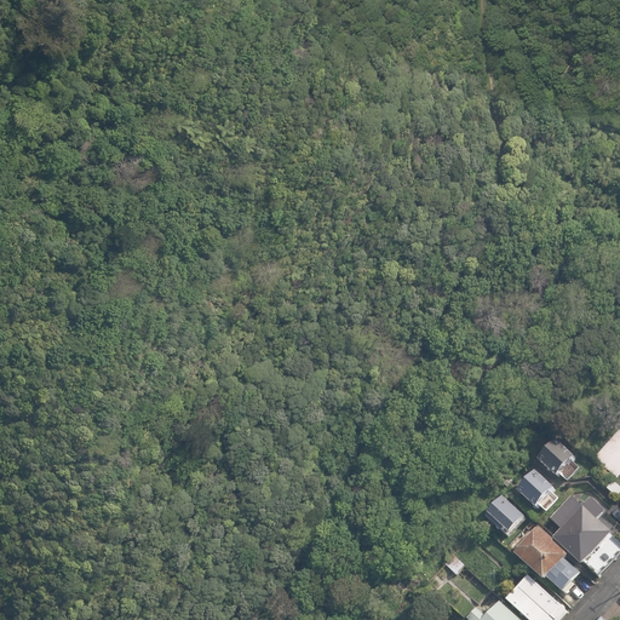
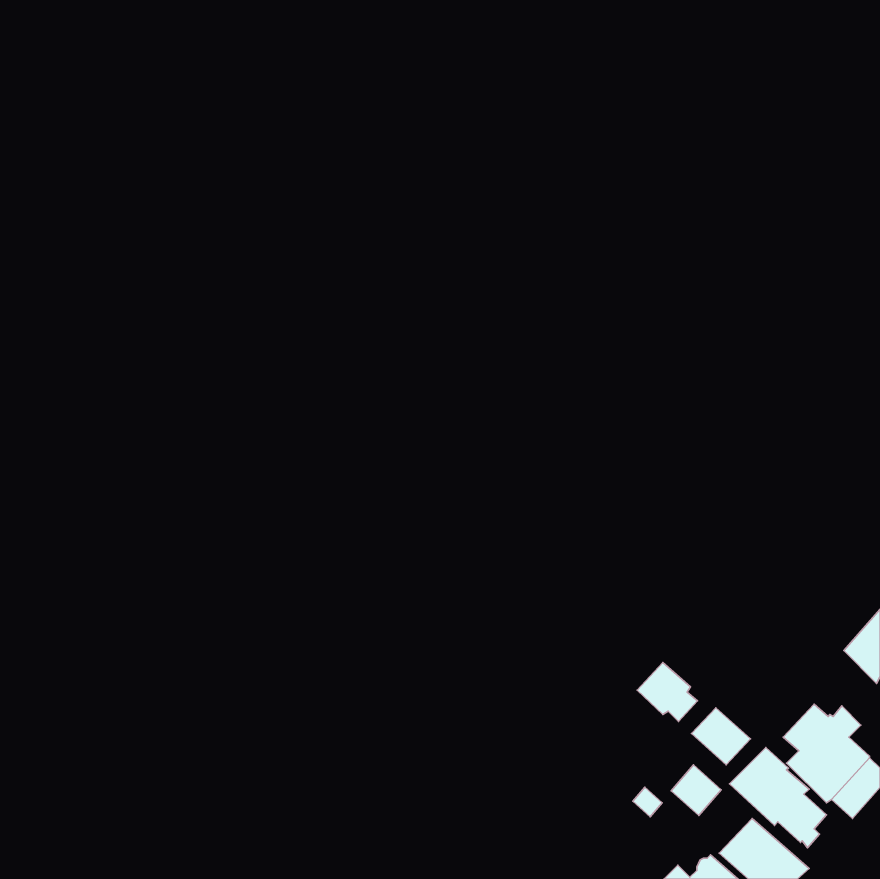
building: [536,438,579,480] -> none
building: [516,470,558,511] -> [637,663,698,721]
building: none -> [671,765,721,815]

